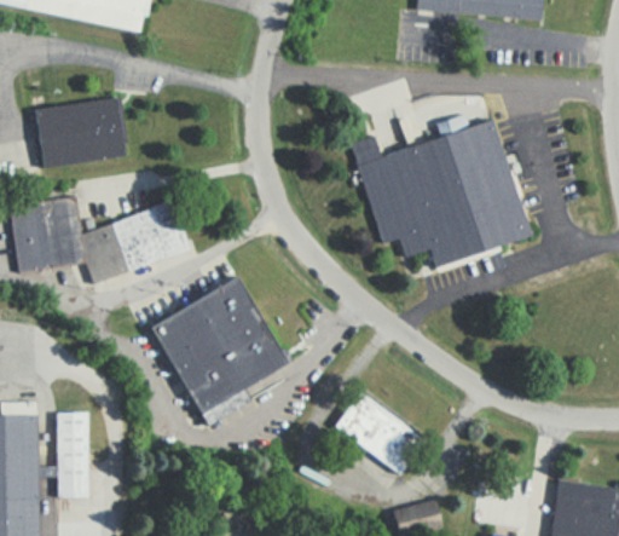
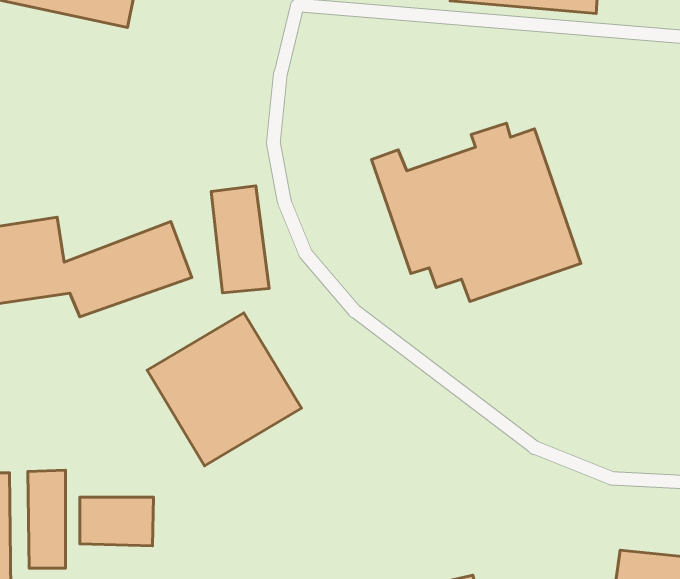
building: [36,98,126,167] -> none
building: none -> [211,186,269,293]
building: [332,392,421,473] -> none
building: none -> [80,497,153,546]

